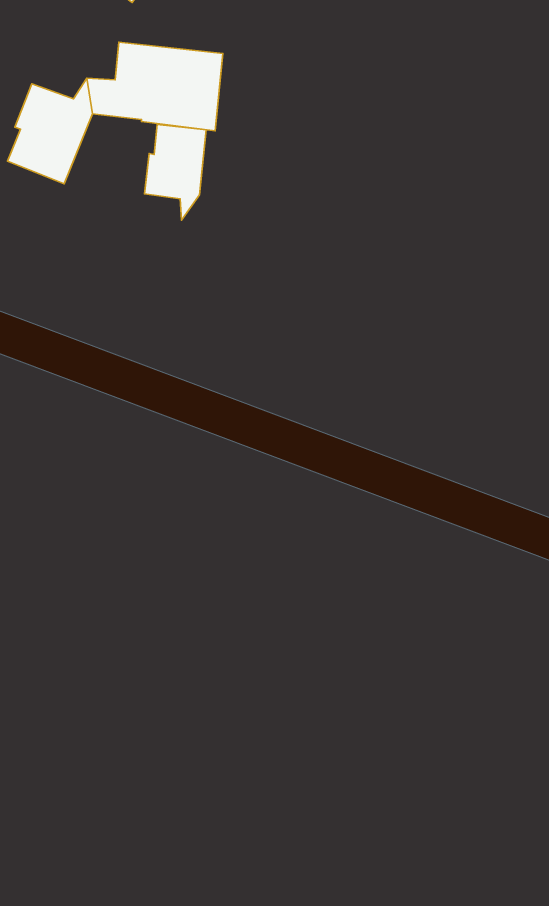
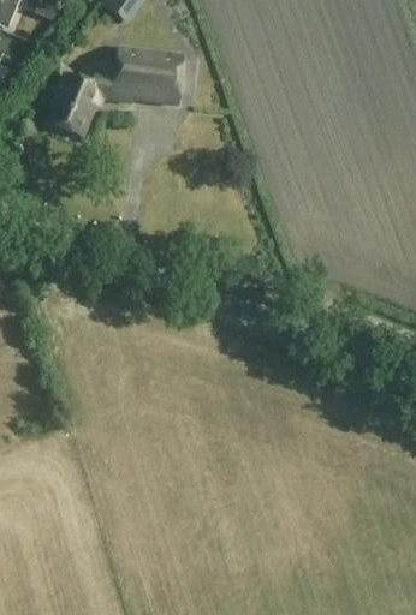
building: [145,124,206,220] -> none

